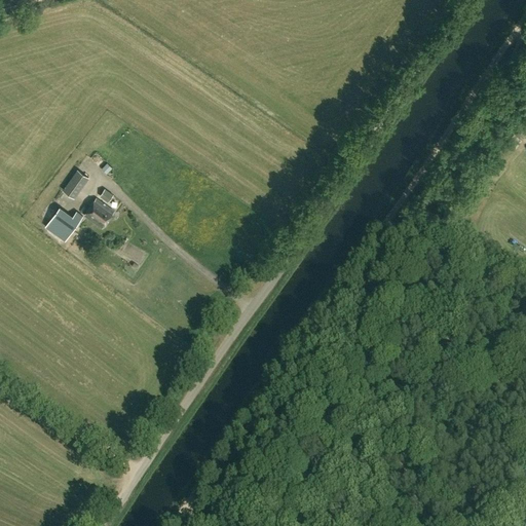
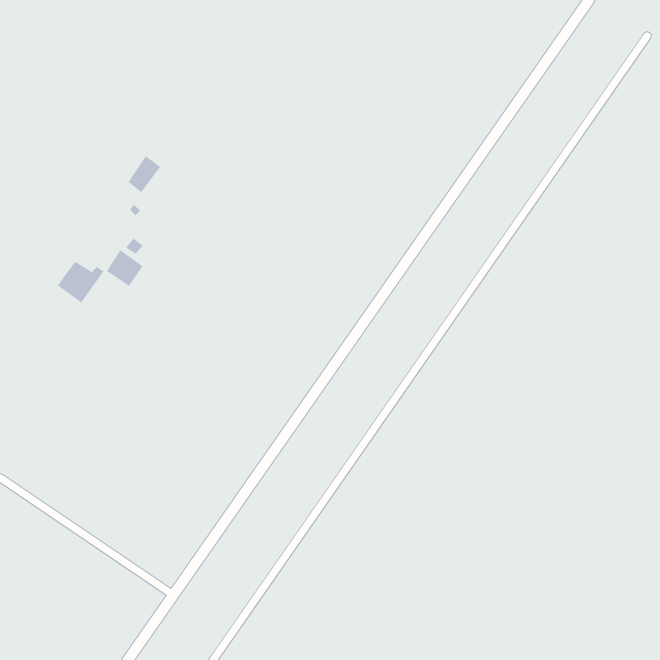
building: [63,168,89,198] -> [128,155,161,193]

